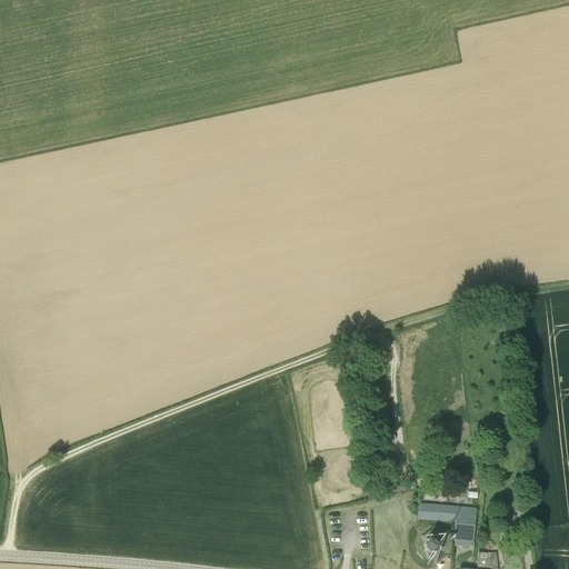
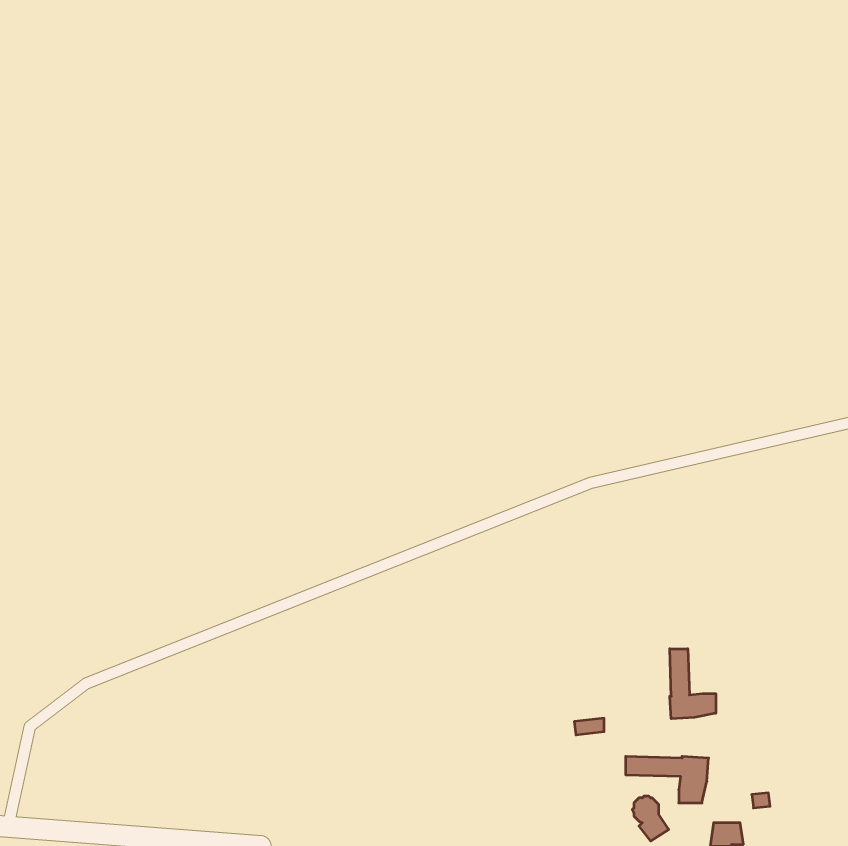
building: none -> [670,649,716,719]

